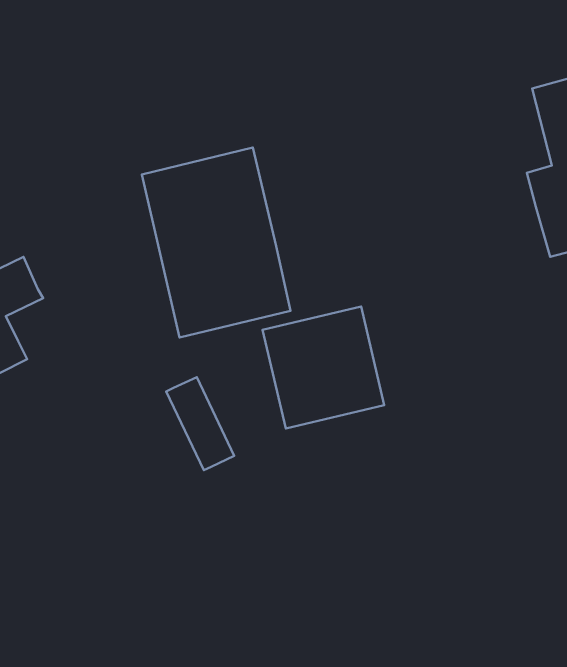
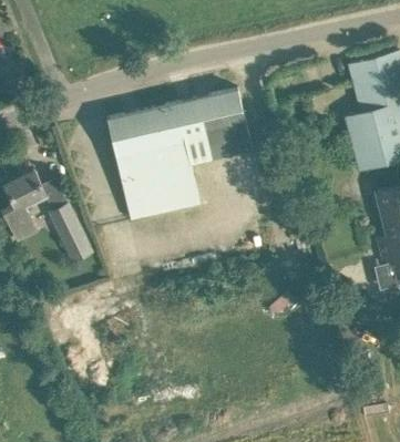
building: [263,307,384,428] -> [175,88,250,163]
building: [166,377,234,470] -> [49,205,91,263]

